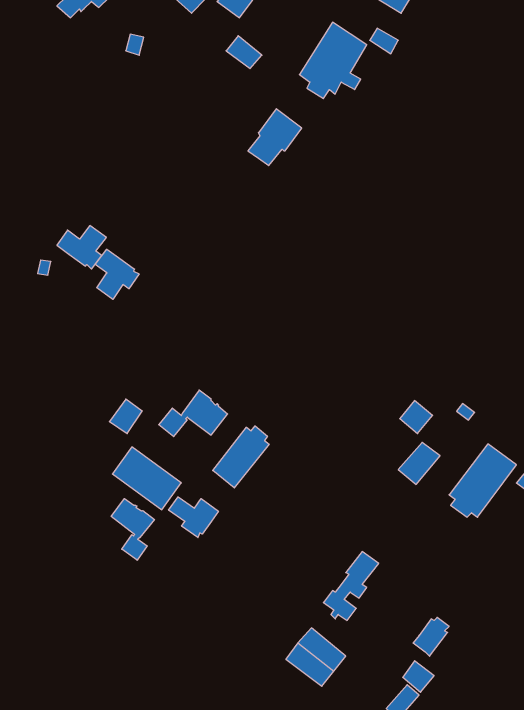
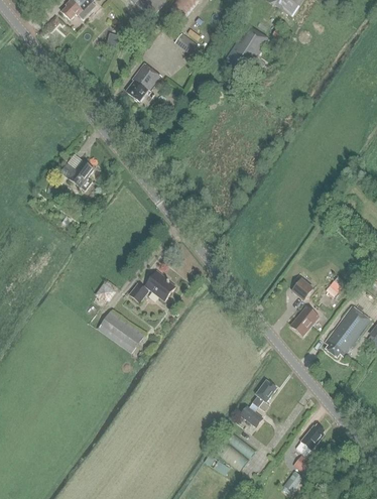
building: [248,109,302,166] -> [127,63,163,101]
building: [95,249,139,299] -> none
building: [213,426,269,488] -> none
building: [169,497,218,538] -> none
building: [111,499,154,560] -> none

